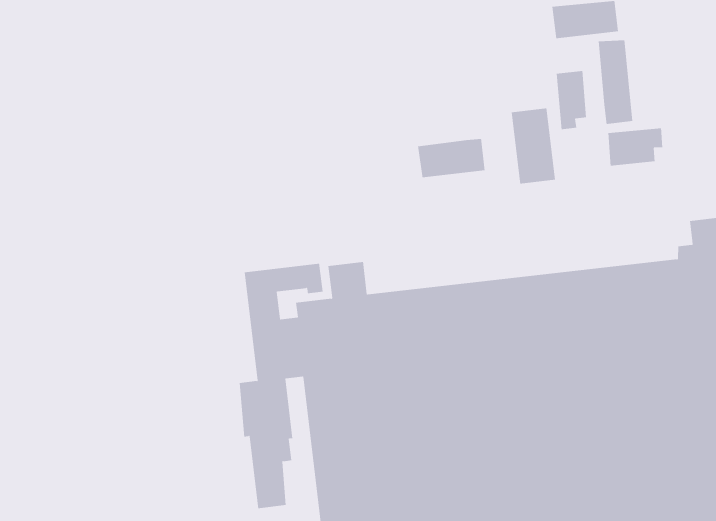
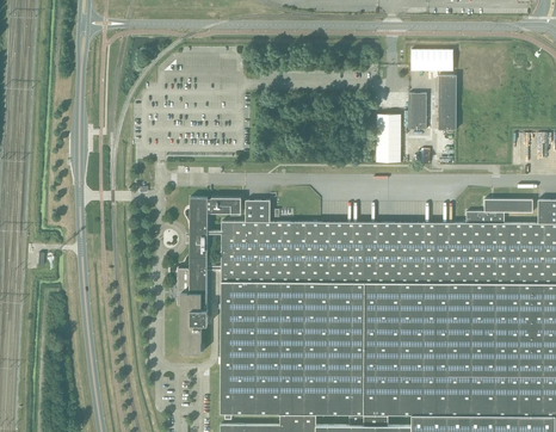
building: [608,127,663,167] -> none
building: [417,138,485,178] -> none

